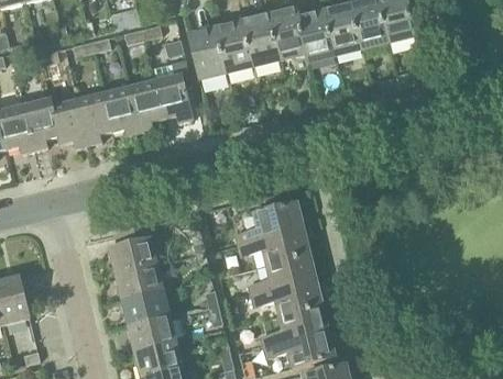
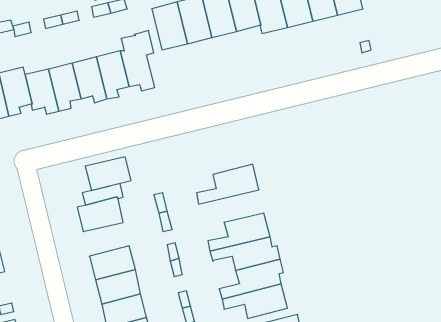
building: [239,228,309,264] -> none
building: [114,264,164,300] -> [85,157,131,191]

